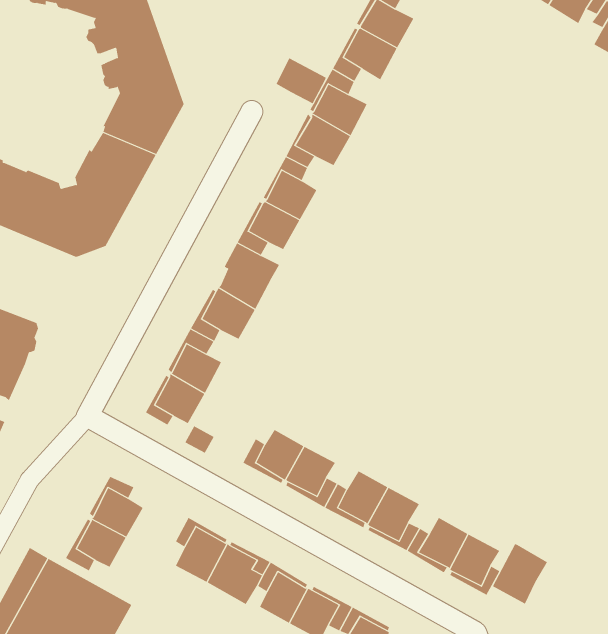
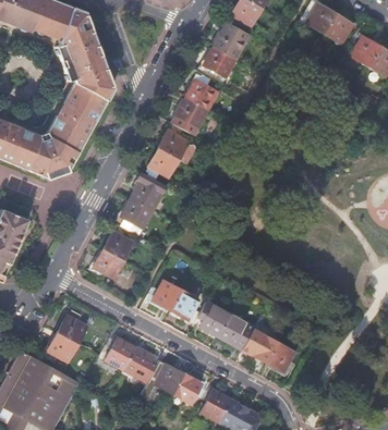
building: [276,57,326,104] -> none
building: [492,544,548,605] -> none

